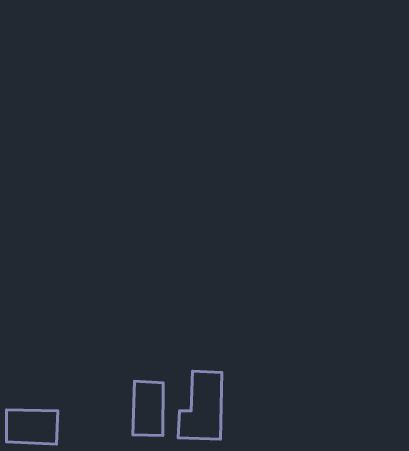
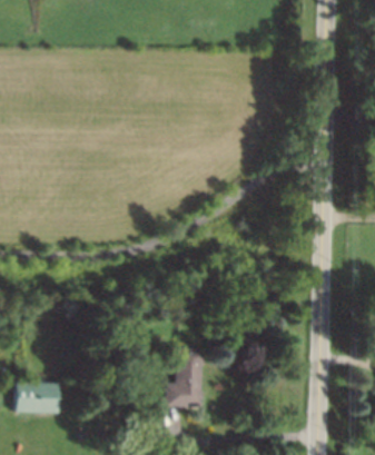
building: [133,381,163,435] -> none

